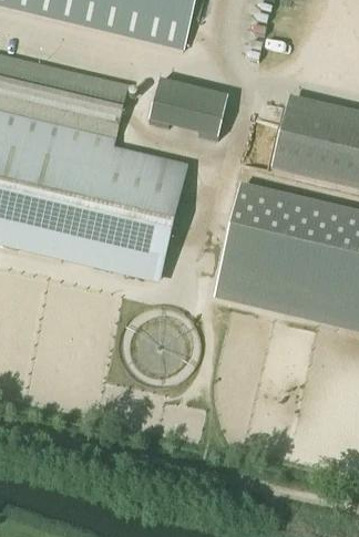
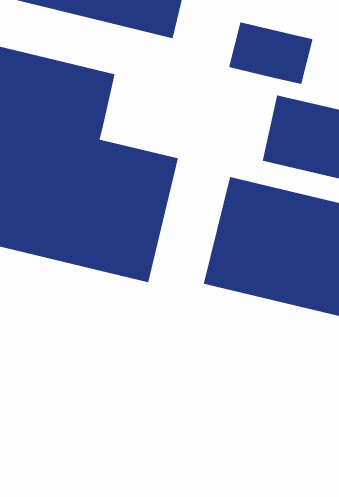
building: [146,78,228,138] -> [228,21,313,85]

